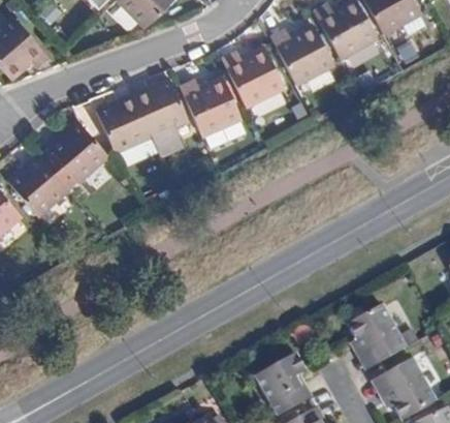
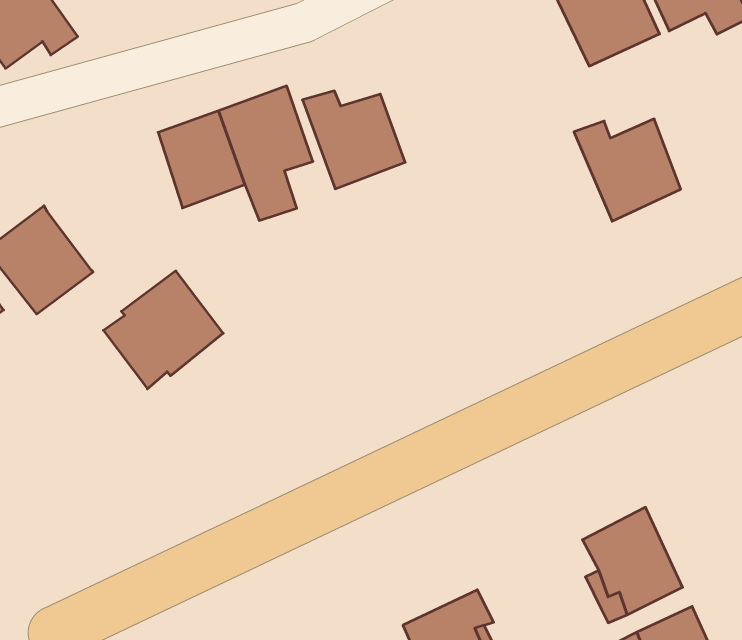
building: [269,26,331,85] -> [574,119,681,221]
building: [221,51,283,105] -> none
building: [40,123,107,190] -> [103,271,223,389]

